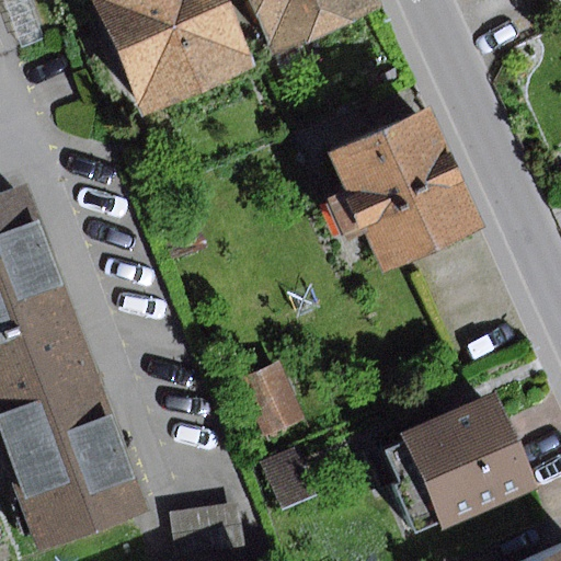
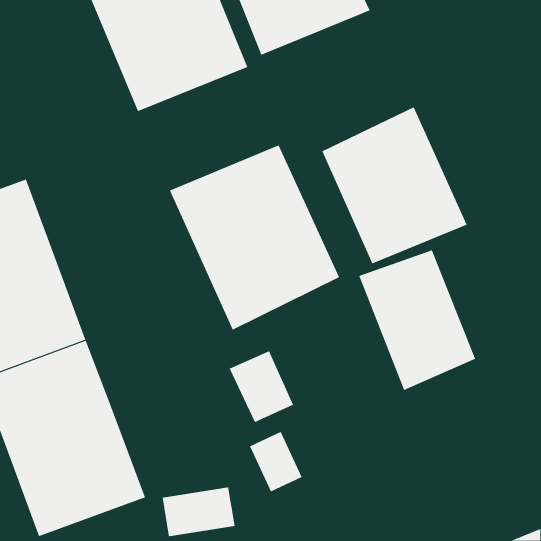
building: none -> [169,144,340,331]
building: none -> [359,250,476,391]
building: [379,392,534,530] -> none

